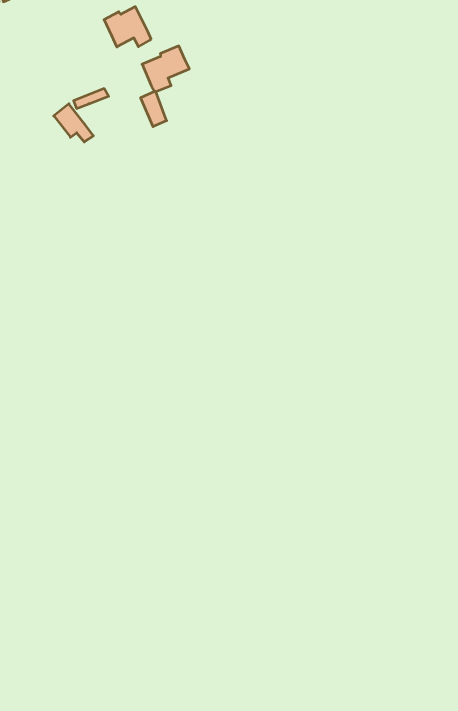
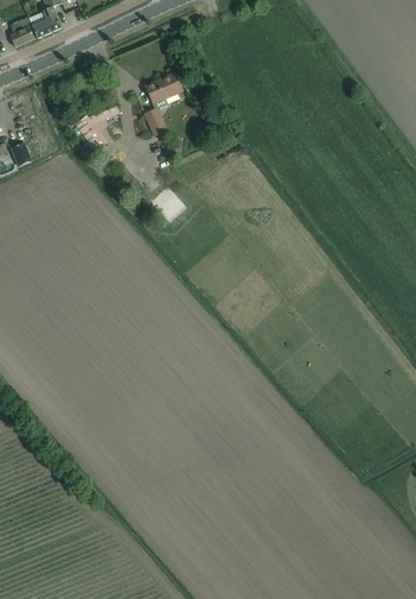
building: [104,7,151,47] -> none

